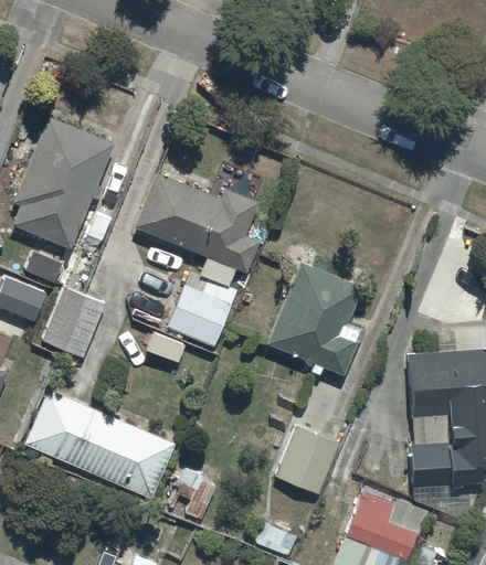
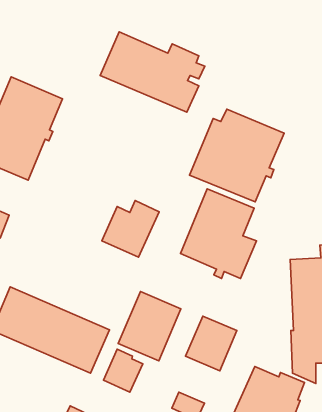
building: none -> [190,109,284,202]
building: [131,171,266,275] -> [100,32,205,112]
building: [41,287,106,358] -> none
building: none -> [118,291,181,361]

